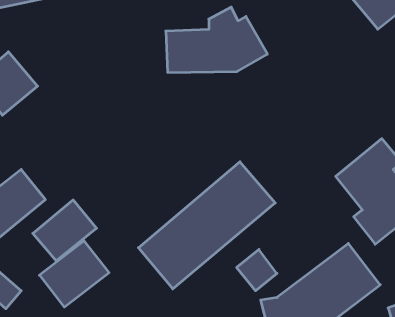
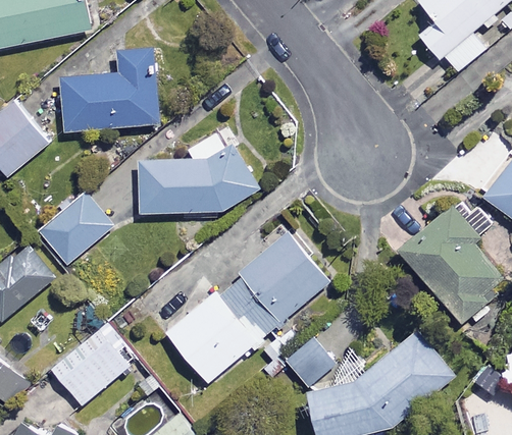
building: [166,7,267,72] -> [138,134,258,212]
building: none -> [60,50,159,133]
building: [33,200,97,261] -> [37,193,112,265]

